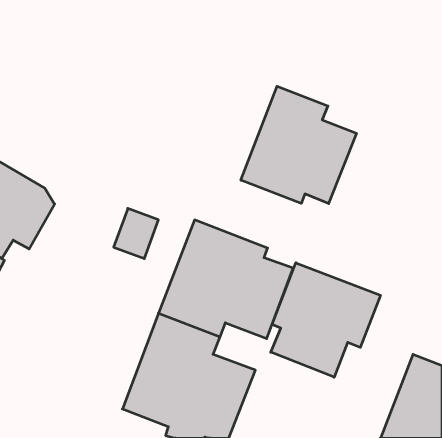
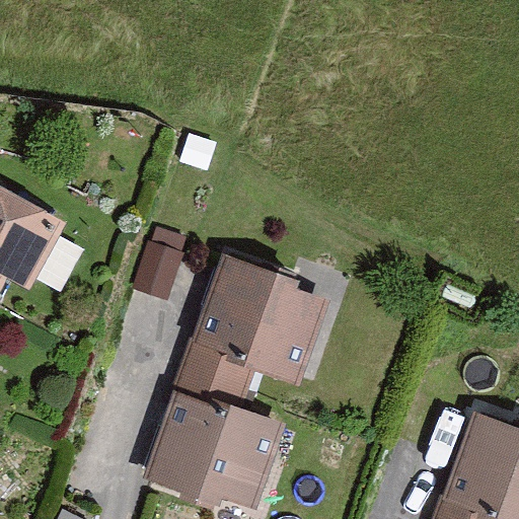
building: [241,86,356,204] -> none
building: [271,263,380,377] -> none

